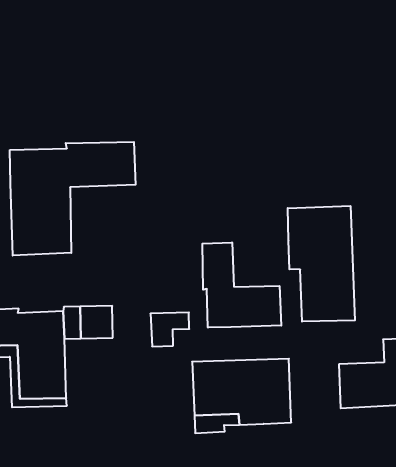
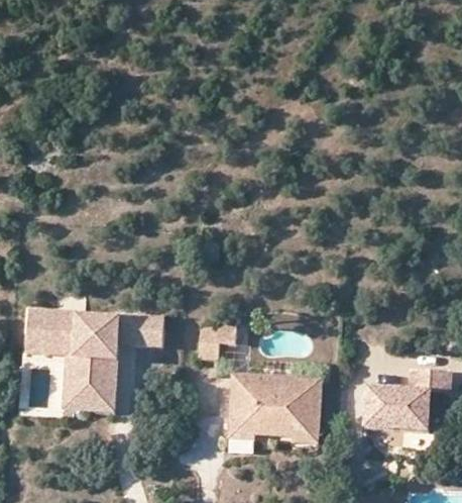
building: [10,142,136,256] -> none
building: [288,206,355,322] -> none
building: [202,242,281,328] -> none

